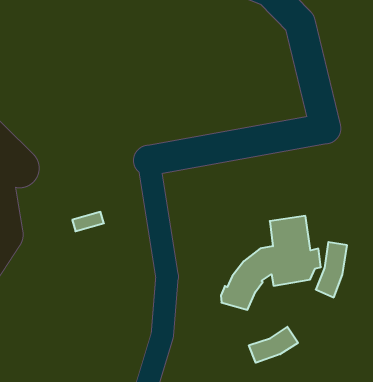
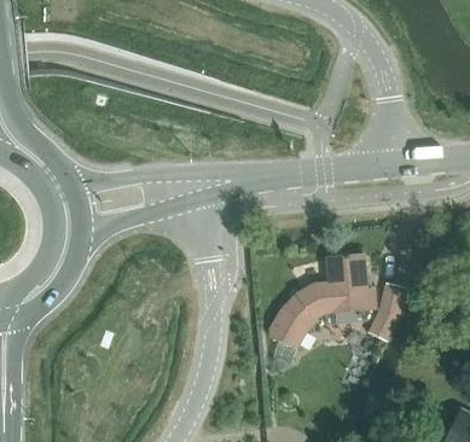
building: [249,327,298,363] -> none

